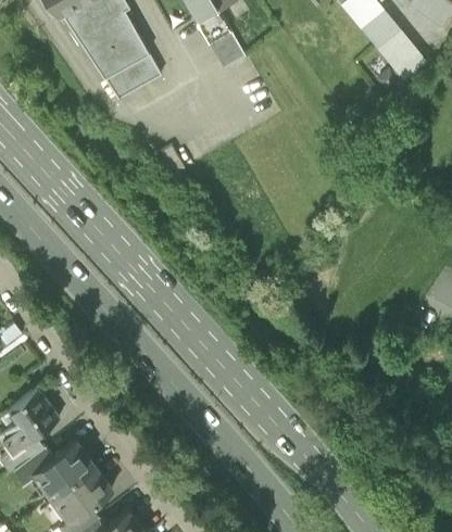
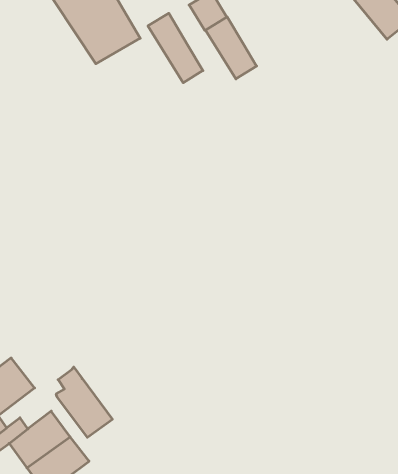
building: none -> [148,13,203,83]
building: none -> [206,17,257,79]
building: none -> [56,367,112,437]

